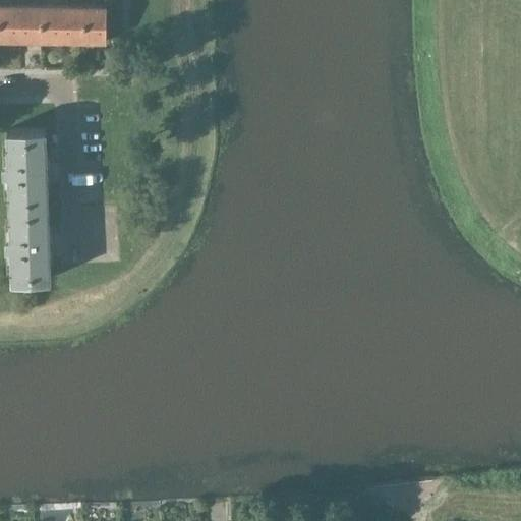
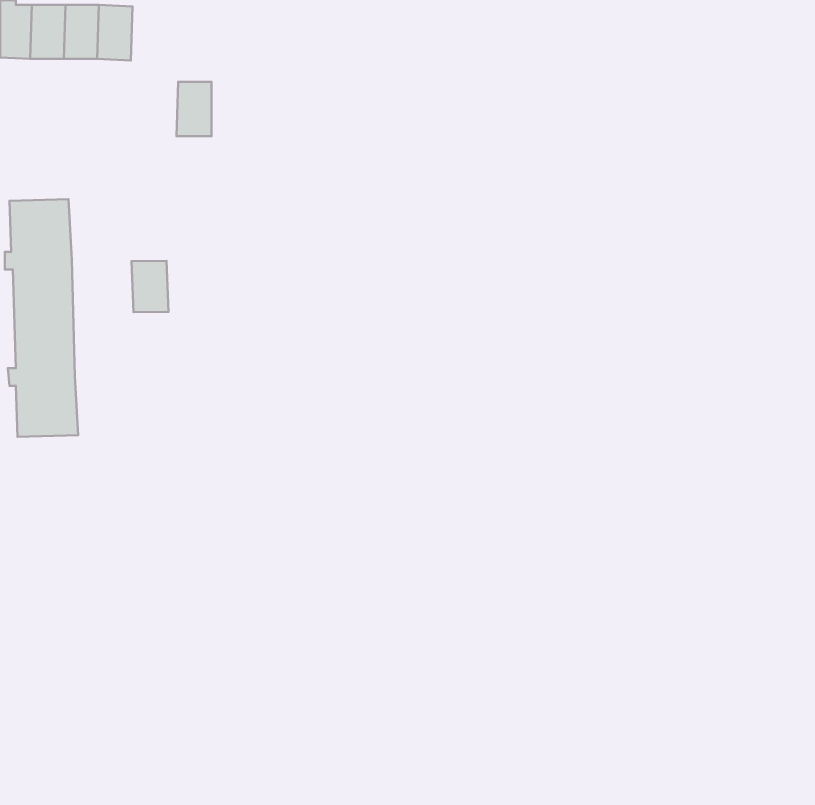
building: [83,10,106,45] -> [177,82,212,136]
building: none -> [132,261,169,312]

